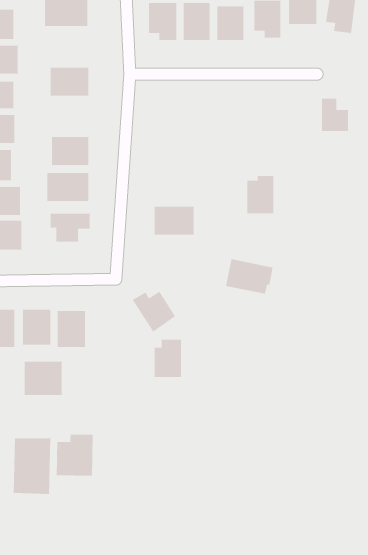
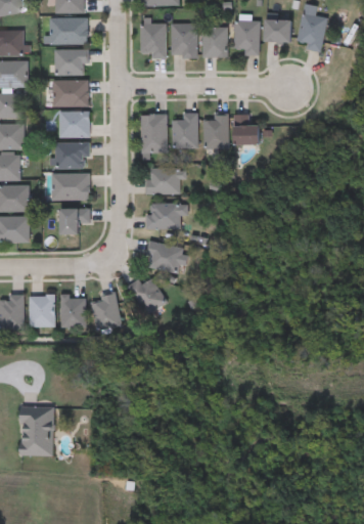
building: none -> [55,49,87,75]
building: [321,98,349,132] -> [234,115,259,144]
building: none -> [58,112,89,137]
building: none -> [173,113,197,148]
building: none -> [141,115,167,152]
building: none -> [146,168,179,193]
building: [246,176,274,214] -> [203,115,228,148]
building: [225,258,274,294] -> [144,242,187,273]
building: [154,339,182,377] -> [94,295,119,329]
building: [24,361,62,396] -> none
building: [56,434,93,477] -> none

